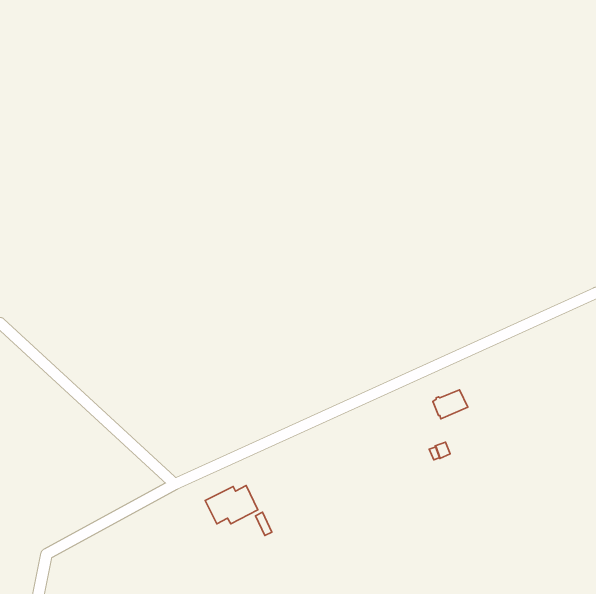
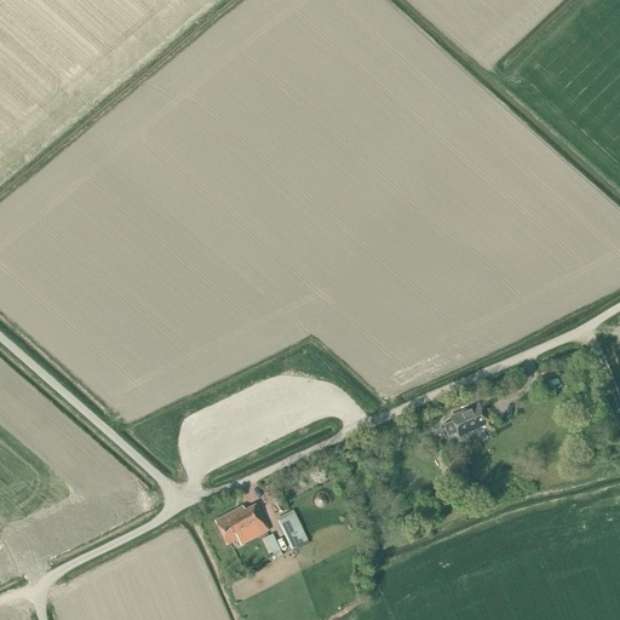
building: none -> [277,511,308,547]

